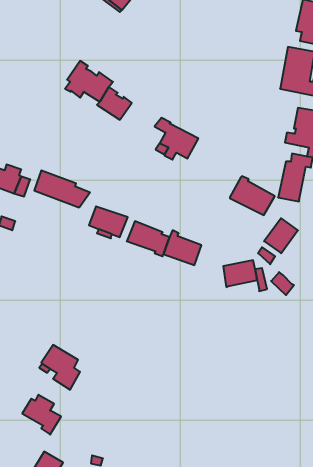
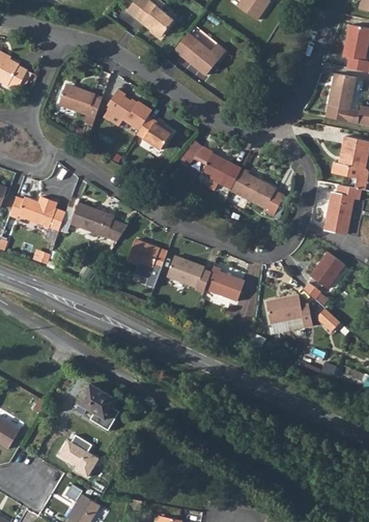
building: none -> [173,33,225,76]
building: none -> [58,86,101,124]
building: [230,176,275,215] -> [229,168,276,208]

